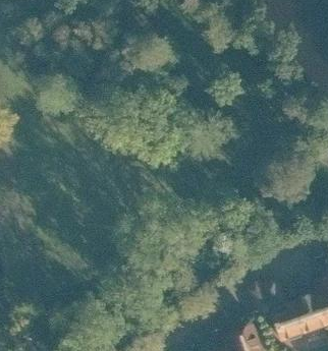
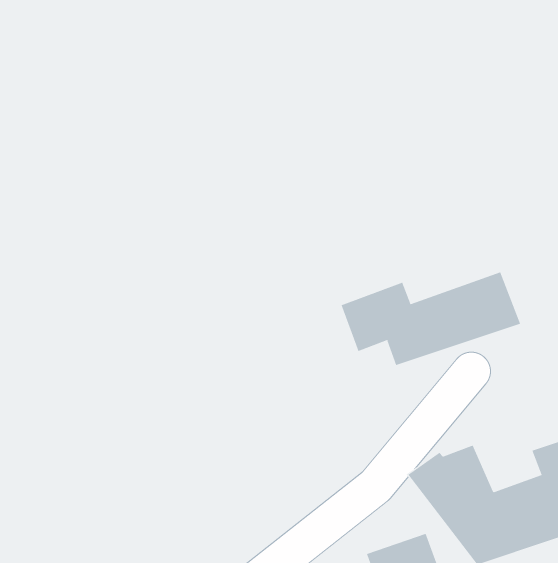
building: none -> [341,272,521,366]

